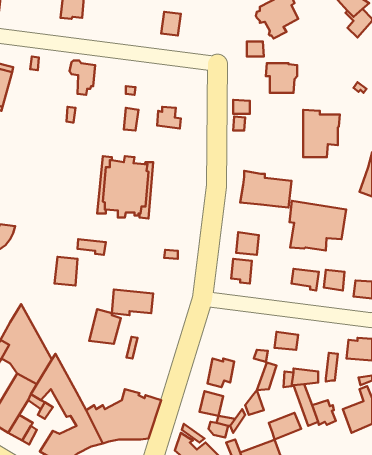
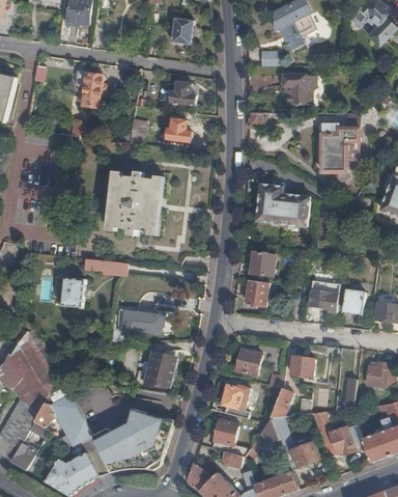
building: none -> [170,81,196,104]
building: [290,201,346,251] -> none
building: [89,309,121,344] -> [144,349,177,385]
building: none -> [235,348,262,374]

